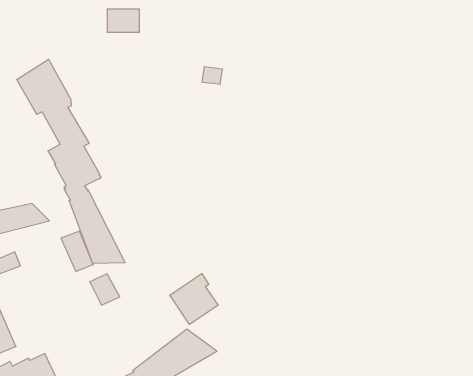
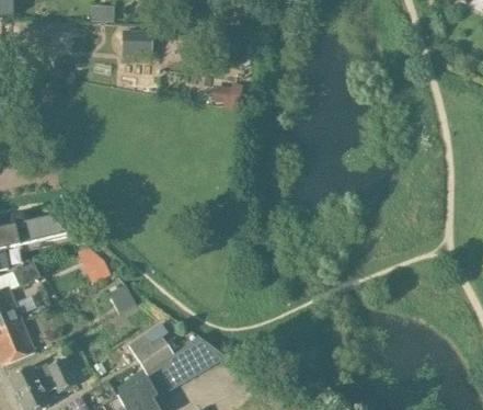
building: [17,59,125,263] -> none
building: [170,274,218,324] -> [128,323,174,372]

